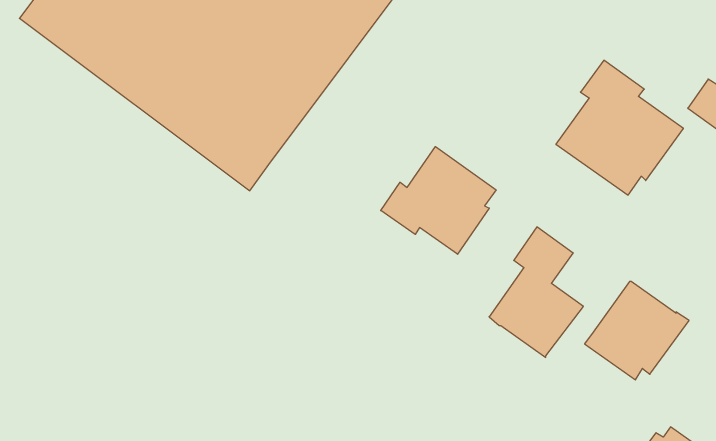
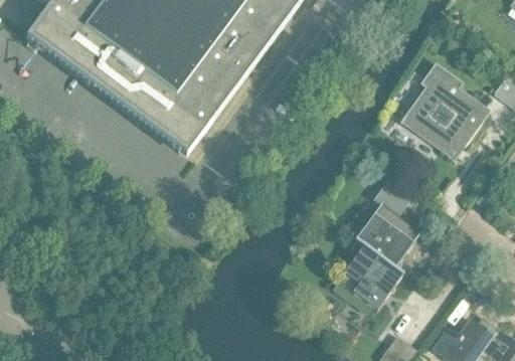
building: [381,147,496,254] -> none
building: [585,281,689,380] -> [331,246,403,315]

